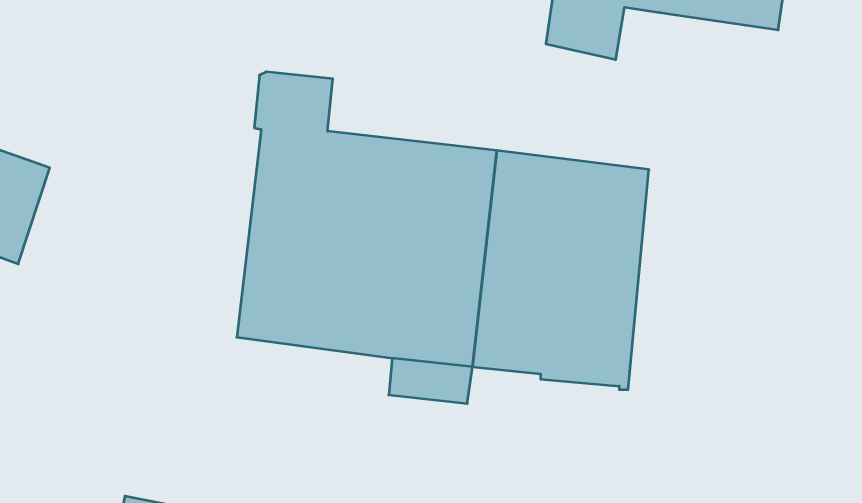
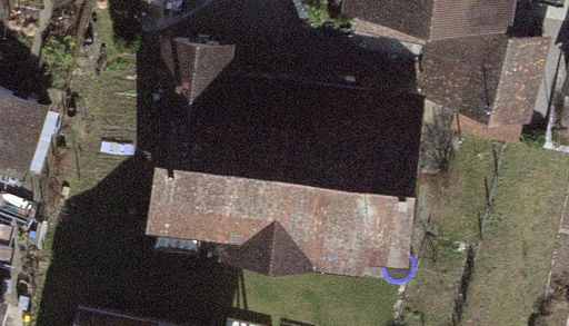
building: none -> [400,8,539,145]

